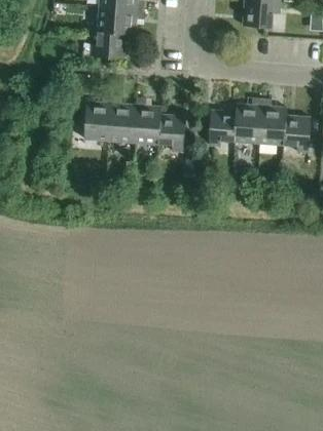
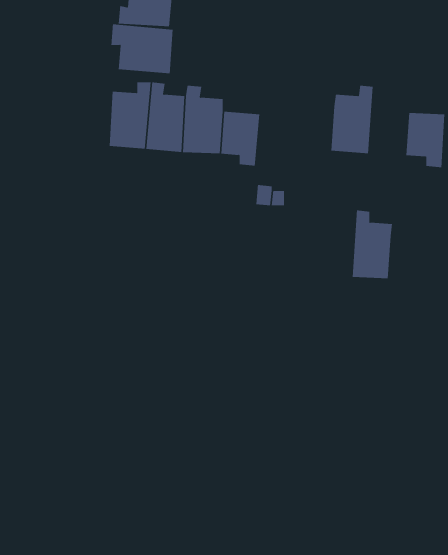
building: none -> [111,23,173,74]
building: [259,99,287,145] -> [352,210,393,279]
building: [209,110,236,147] -> none

